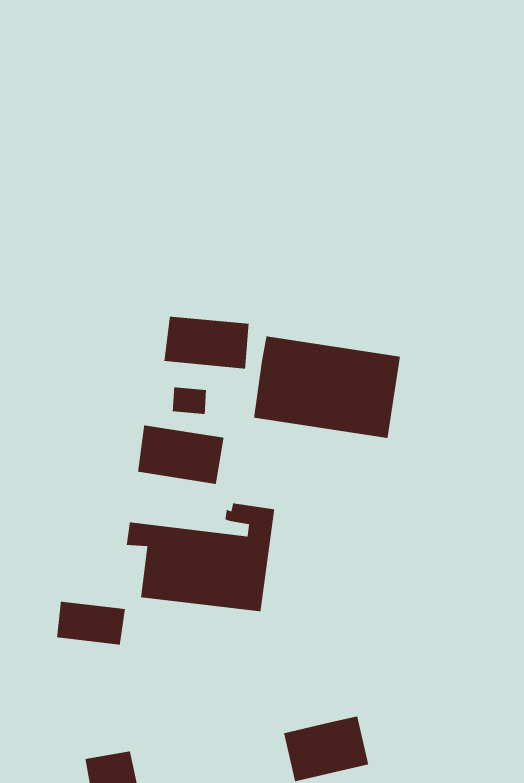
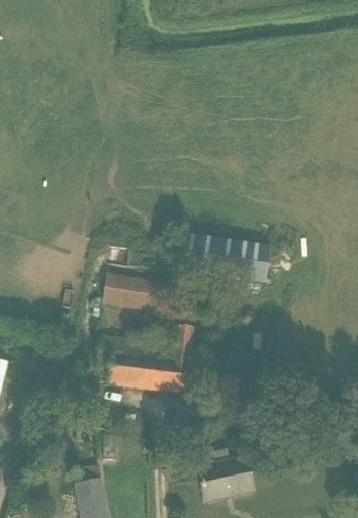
building: [164,316,250,369] -> none
building: [56,601,126,645] -> none

